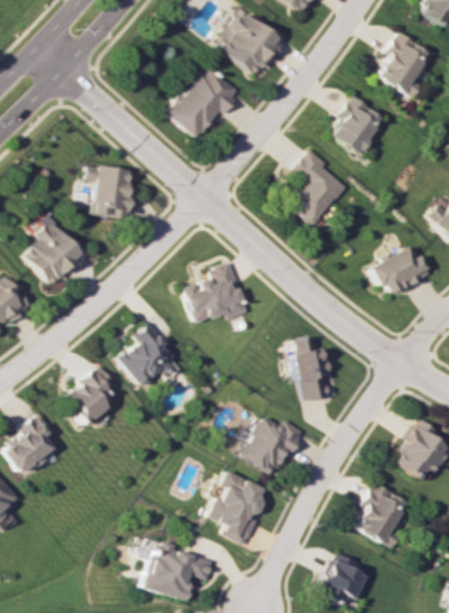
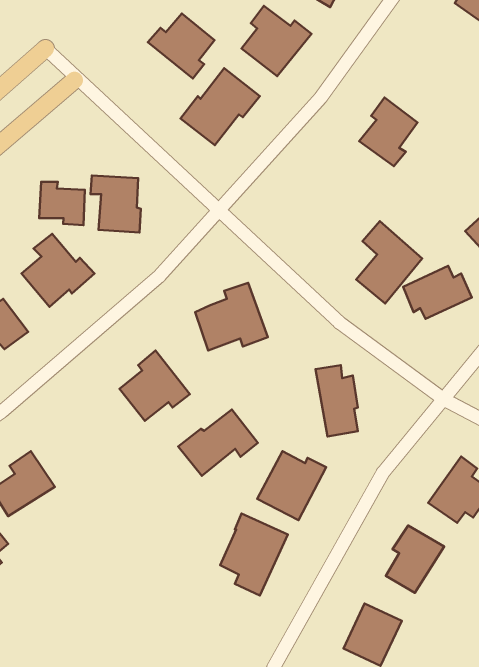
building: none -> [148,13,215,79]
building: [375,32,431,99] -> none
building: [289,151,348,225] -> [356,221,422,303]
building: none -> [39,182,85,225]
building: [63,365,115,423] -> none
building: none -> [178,410,258,476]
building: [140,544,211,600] -> none

